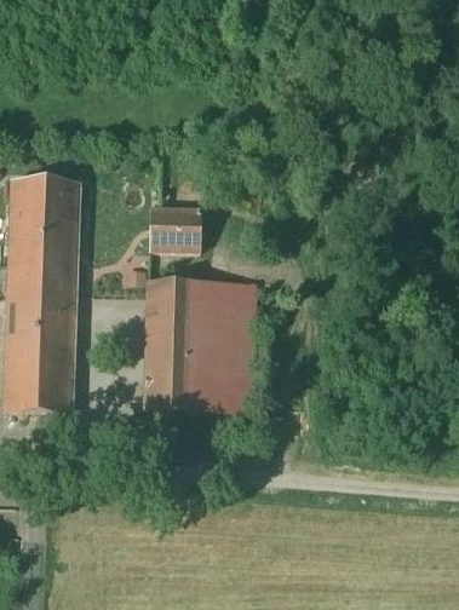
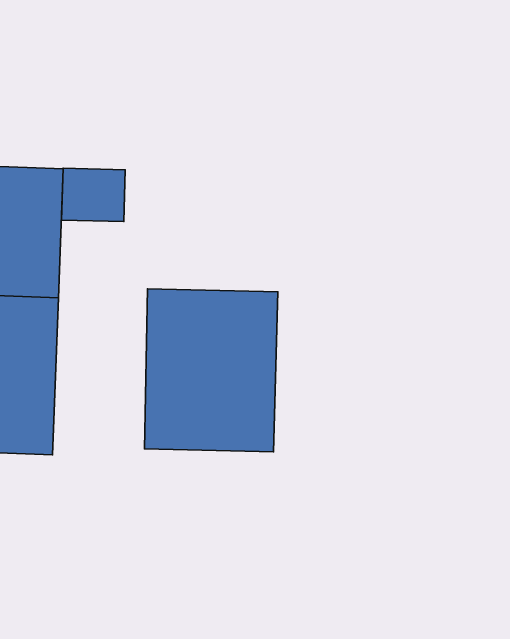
building: [149,207,201,251] -> [62,168,125,222]

